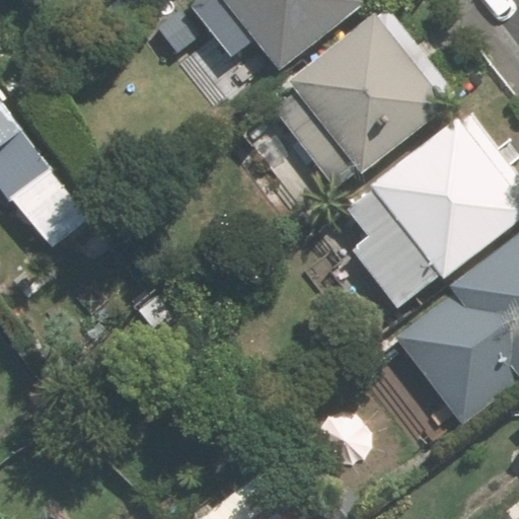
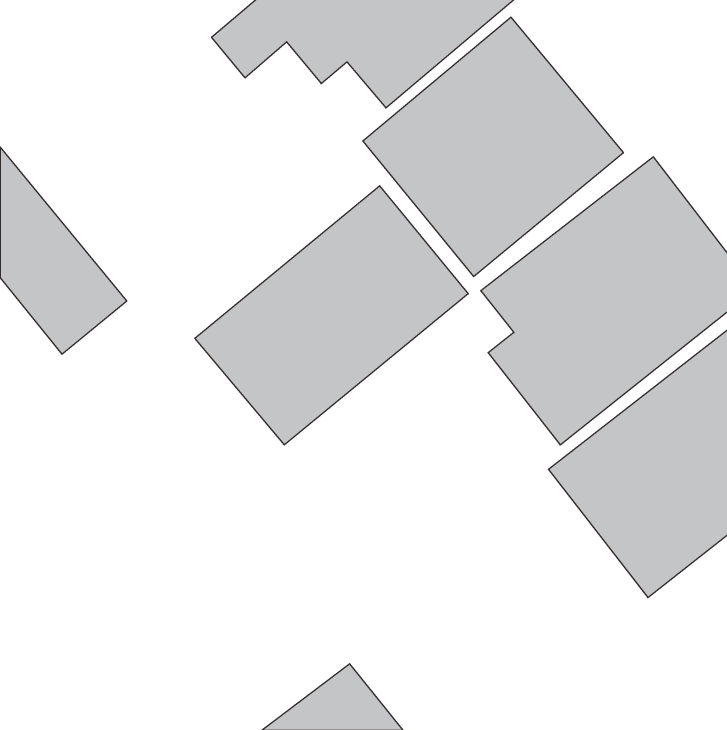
building: none -> [195,186,468,445]

